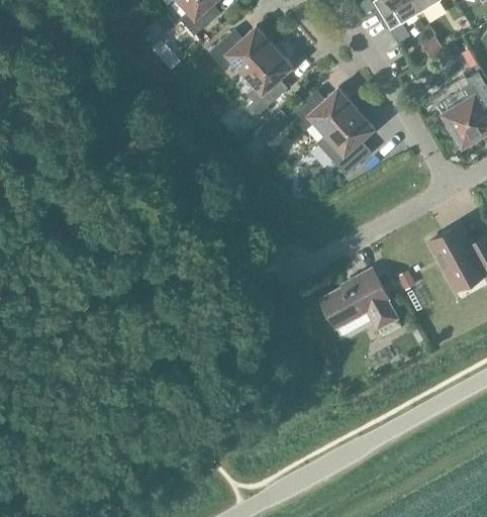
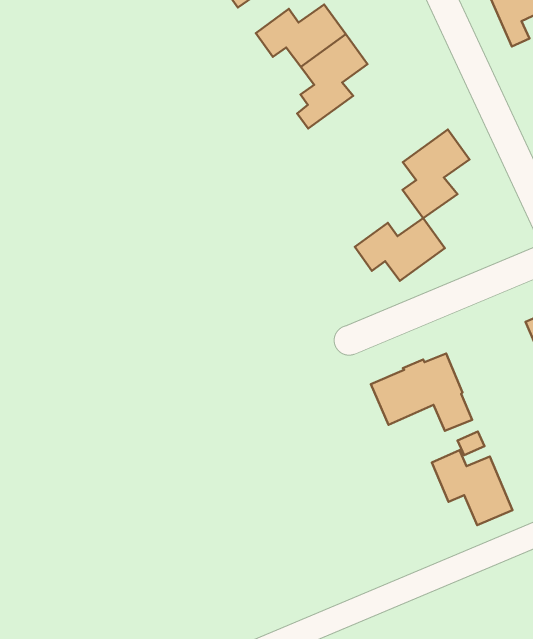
building: [291,87,357,134] -> [355,218,445,281]
building: none -> [432,450,513,525]

